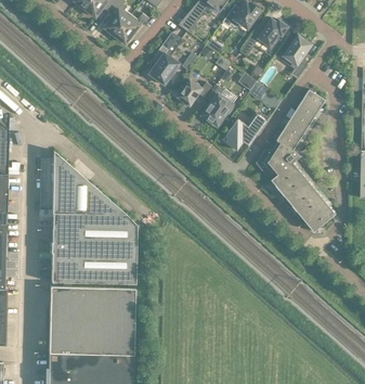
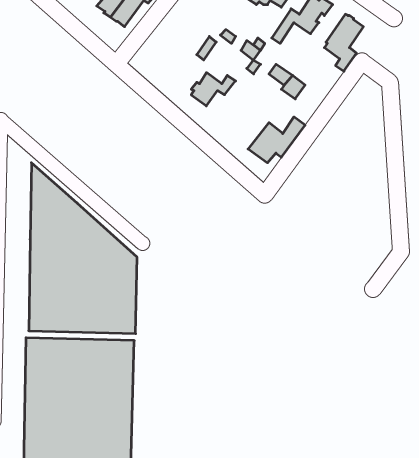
building: [149,30,183,85] -> none
building: [203,84,236,125] -> none
building: [256,88,336,231] -> none

